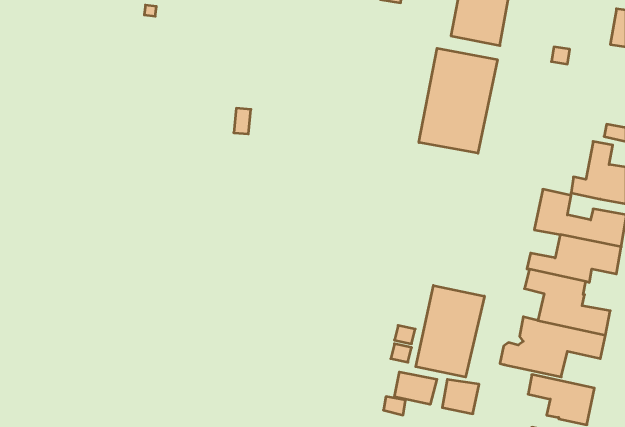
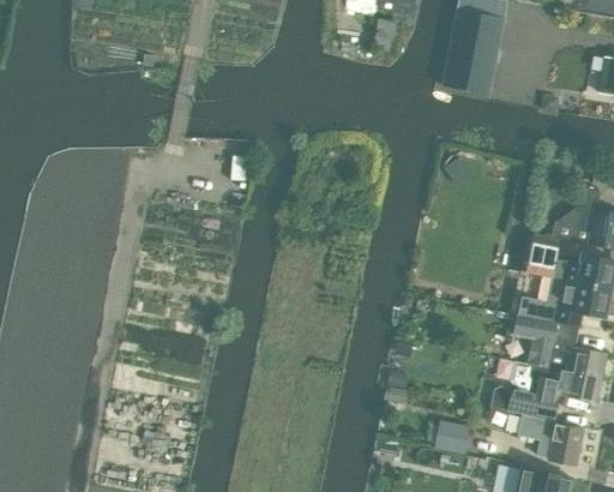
building: [419,48,497,153] -> none
building: [416,285,484,377] -> none
building: [395,372,437,404] -> none

